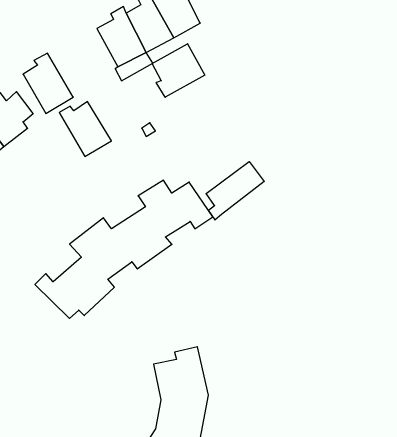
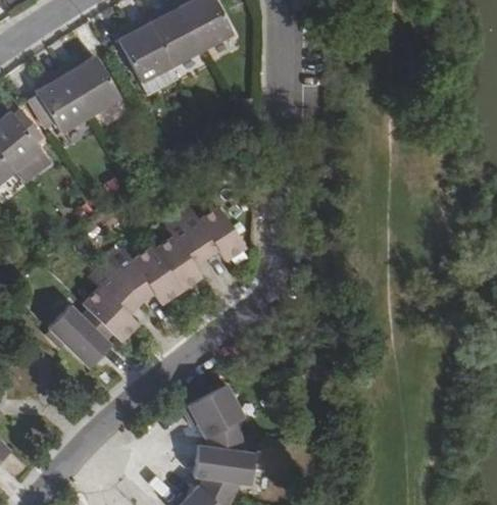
building: [152,44,205,97] -> none
building: [59,102,111,156] -> [64,54,122,115]
building: [206,162,264,220] -> none

